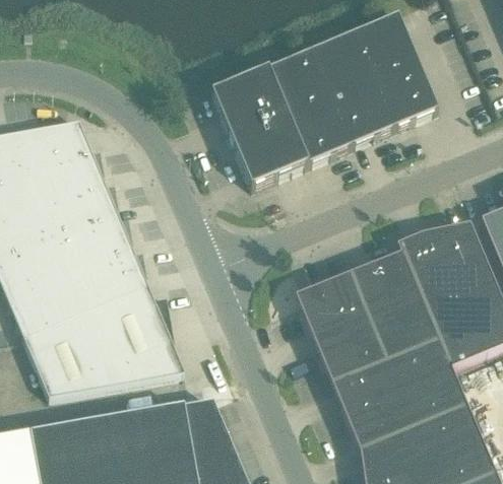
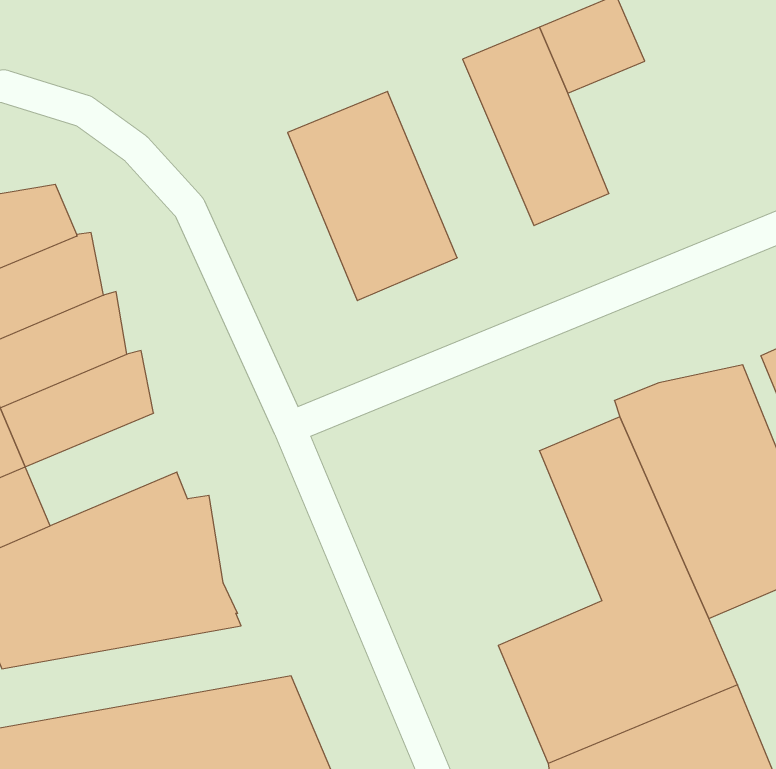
building: [267,49,351,161] -> none
building: [370,50,437,125] -> none
building: [61,248,148,314] -> none
building: [295,271,389,382] -> none

